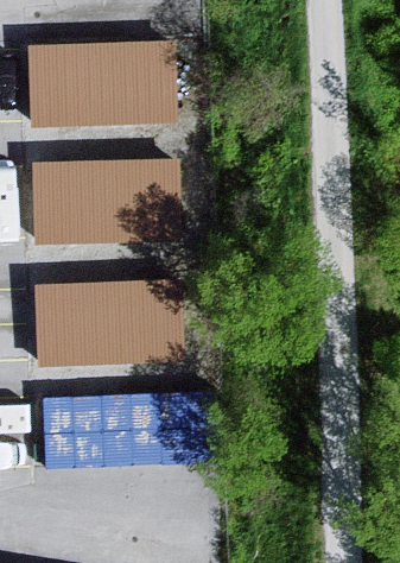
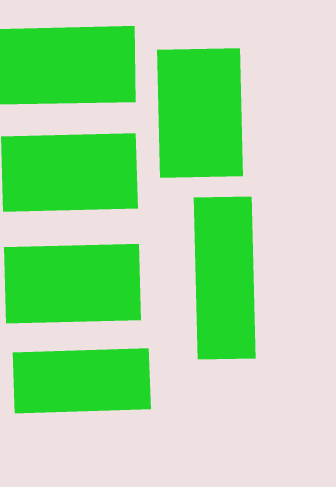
building: none -> [156,48,244,178]
building: none -> [193,196,256,360]

